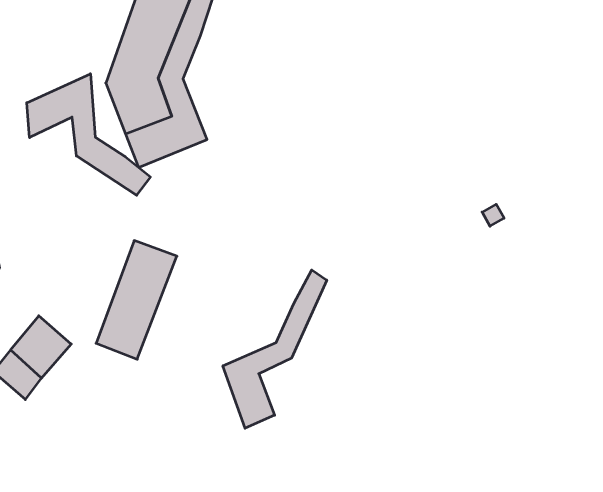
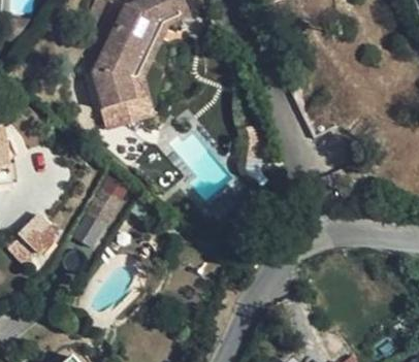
building: [27,74,150,195] -> none
building: [223,270,327,428] -> none

